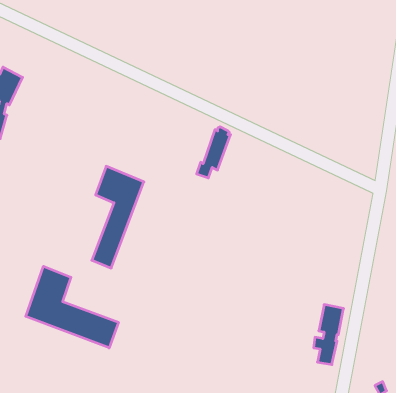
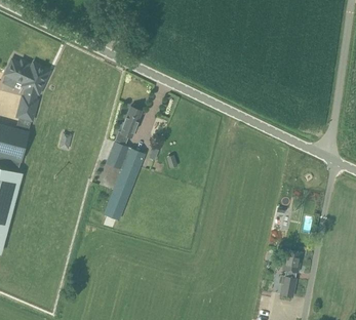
building: [197,127,231,178] -> [116,104,143,144]
building: [26,266,118,348] -> none

